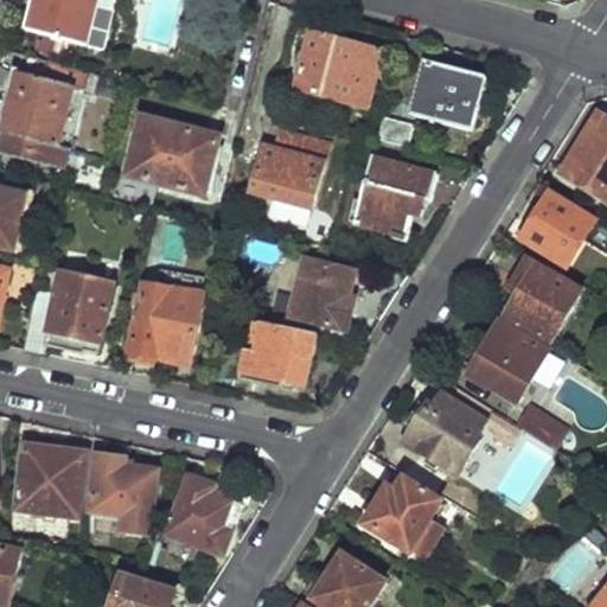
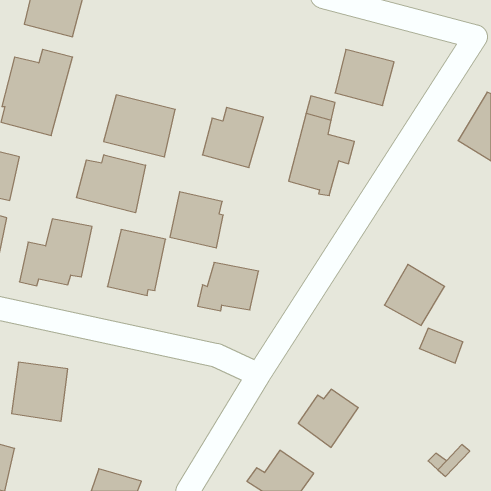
building: [294,30,378,106] -> none
building: none -> [77,155,146,213]
building: [519,192,592,264] -> none
building: [289,258,354,327] -> [170,192,223,248]
building: [504,264,580,341] -> none
building: [404,392,483,473] -> none
building: [88,453,155,529] -> none
building: [168,474,239,552] -> none

